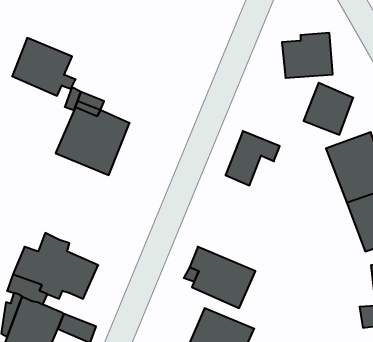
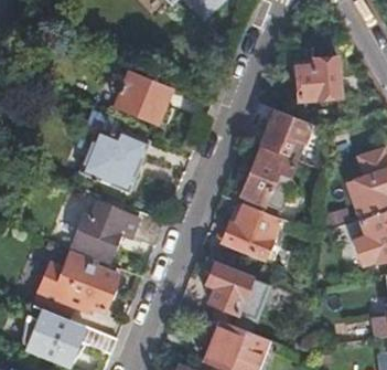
building: [12,38,76,96] -> [115,70,175,125]
building: [304,83,353,135] -> [264,108,311,158]
building: none -> [73,202,165,258]
building: none -> [223,202,281,257]

